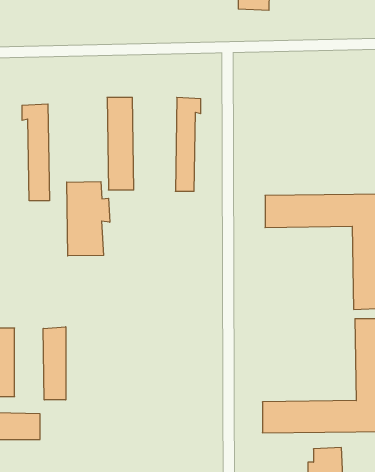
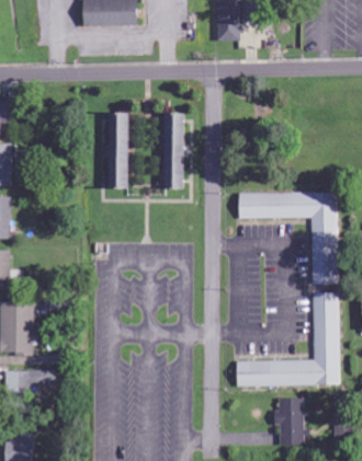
building: [22,104,49,201] -> none
building: [67,182,110,256] -> none
building: [43,327,66,400] -> none

